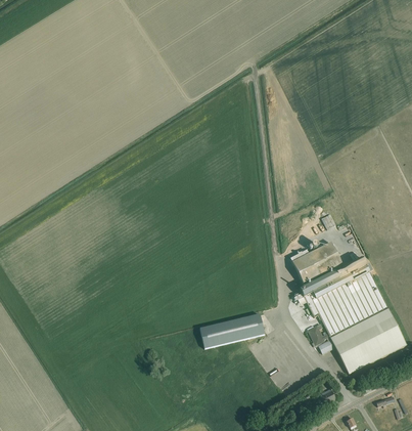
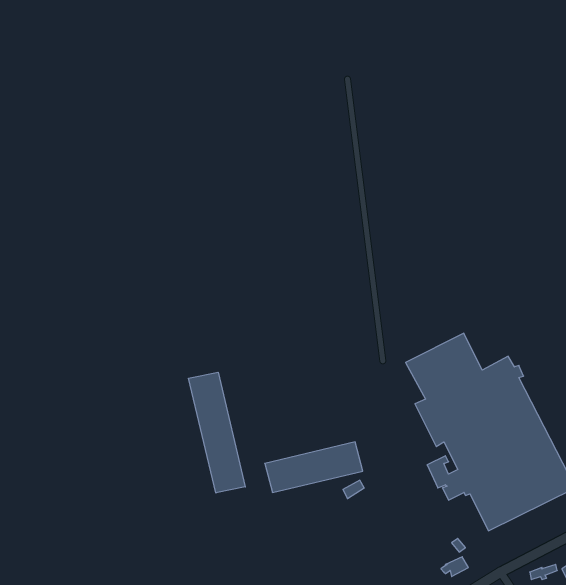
building: none -> [189,372,245,493]

